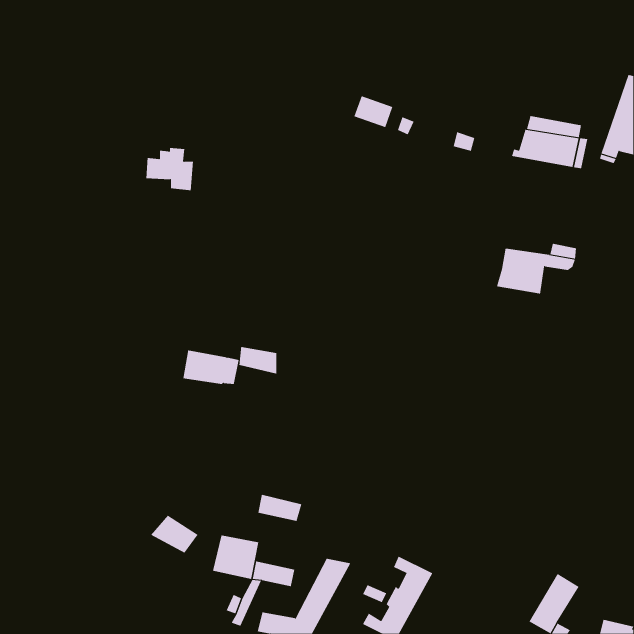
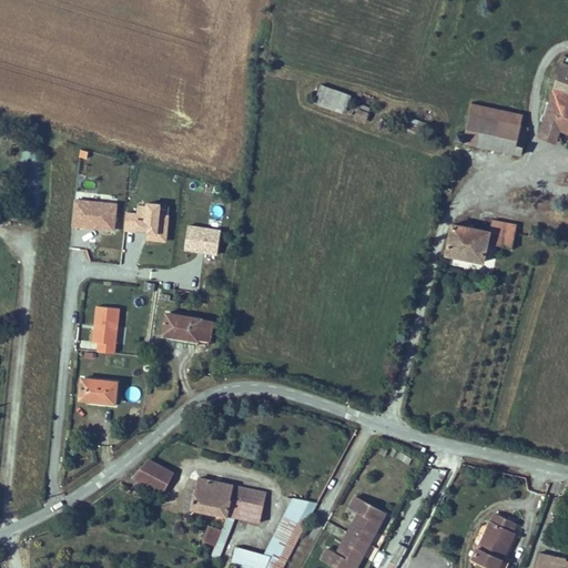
building: [145,148,194,191] -> [126,204,170,243]
building: none -> [74,200,116,231]
building: none -> [185,226,222,255]
building: none -> [93,307,120,352]
building: [239,346,277,375] -> none
building: none -> [79,378,120,406]
building: [258,494,302,522] -> [229,485,268,509]

